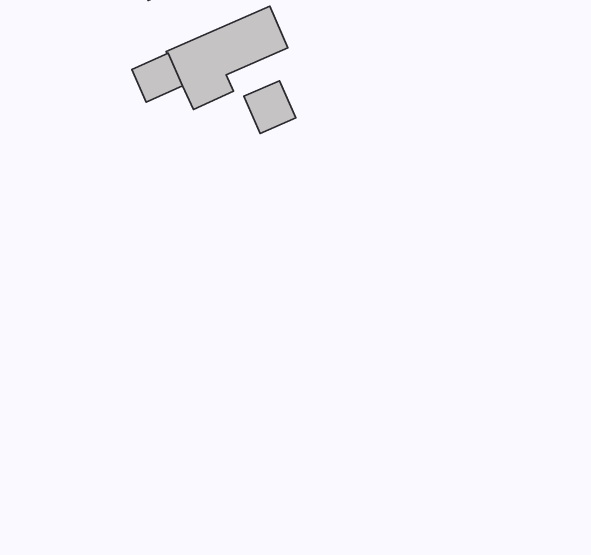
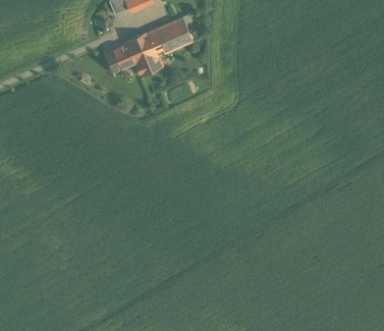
building: [244,81,296,133] -> none

